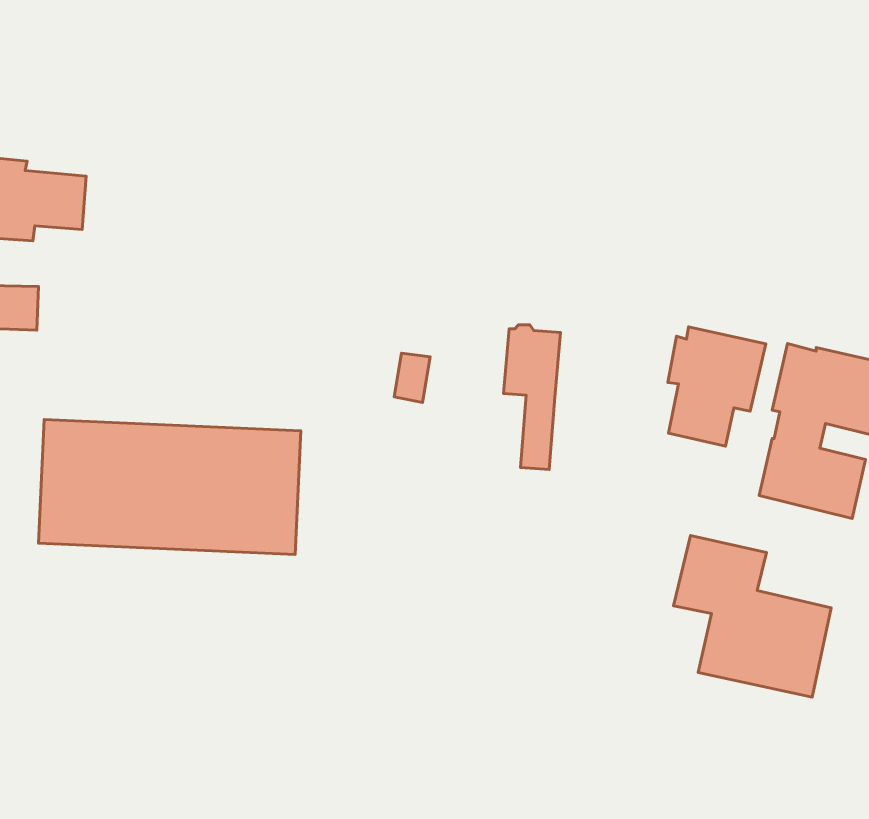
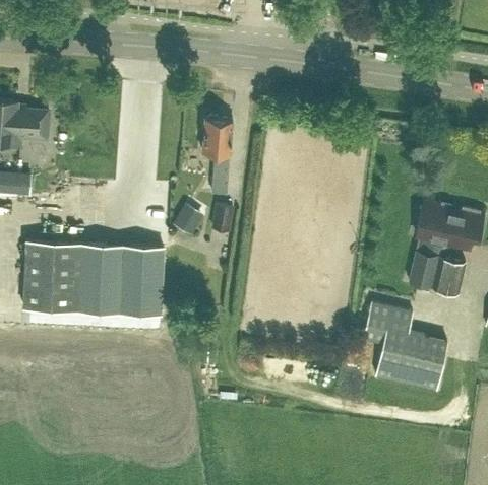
building: [503,325,560,469] -> [202,118,233,195]
building: [668,327,766,446] -> none
building: none -> [172,205,203,237]

